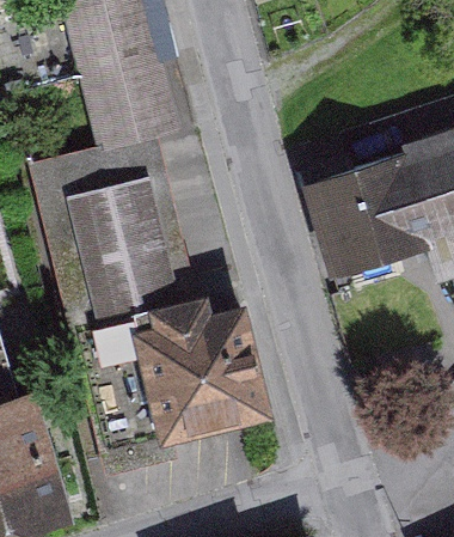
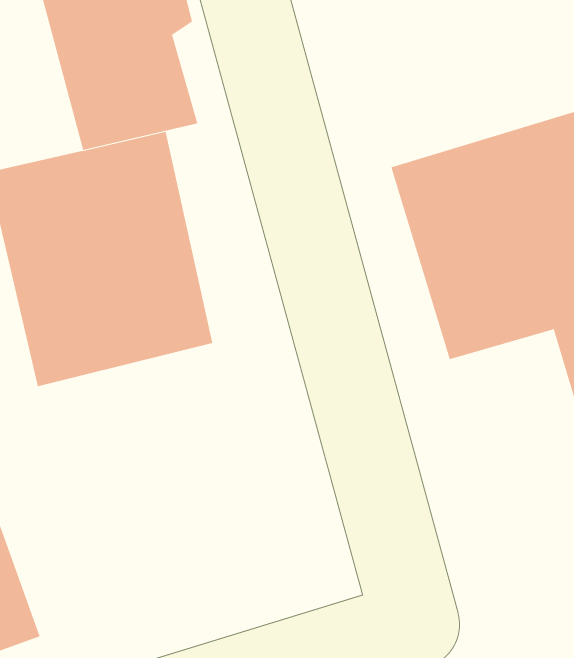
building: [131,303,271,441] -> none

